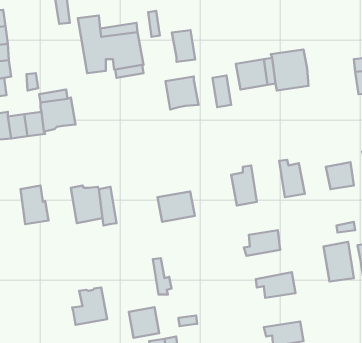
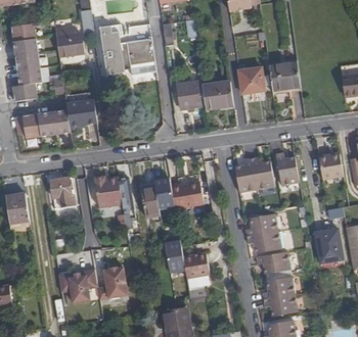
building: none -> [57,25,82,56]
building: [172,30,195,62] -> [202,83,222,110]
building: none -> [252,157,274,191]
building: none -> [140,183,160,218]
building: none -> [248,233,280,254]
building: none -> [57,268,96,301]
building: none -> [262,278,295,300]
building: [129,307,159,338] -> [182,253,209,280]

